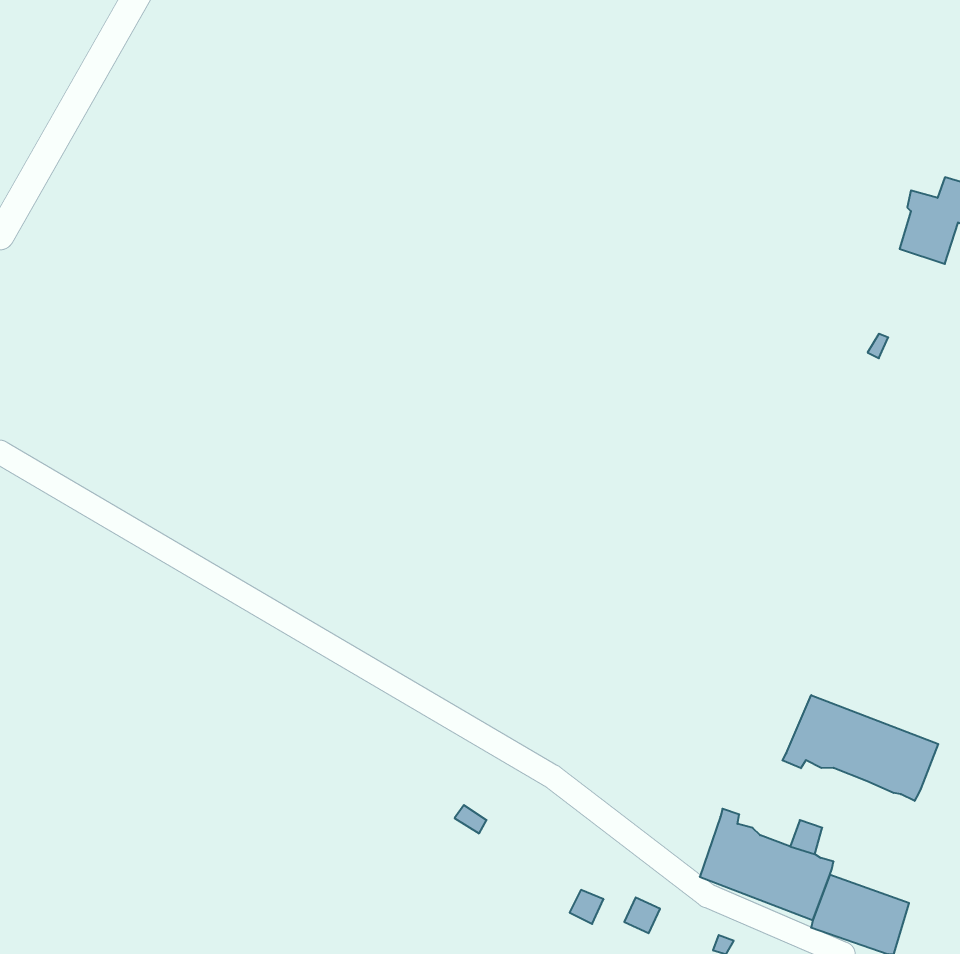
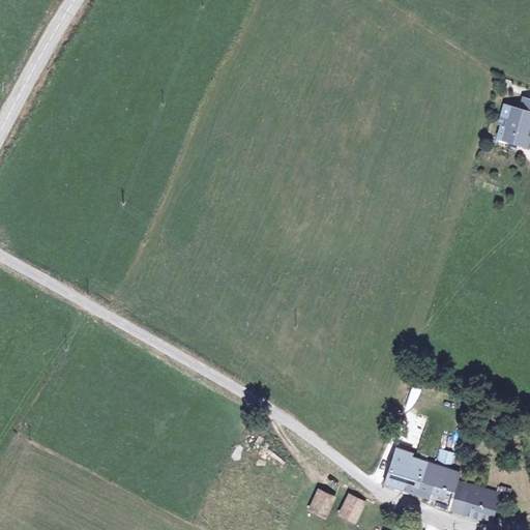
building: [782,695,938,801] -> none

